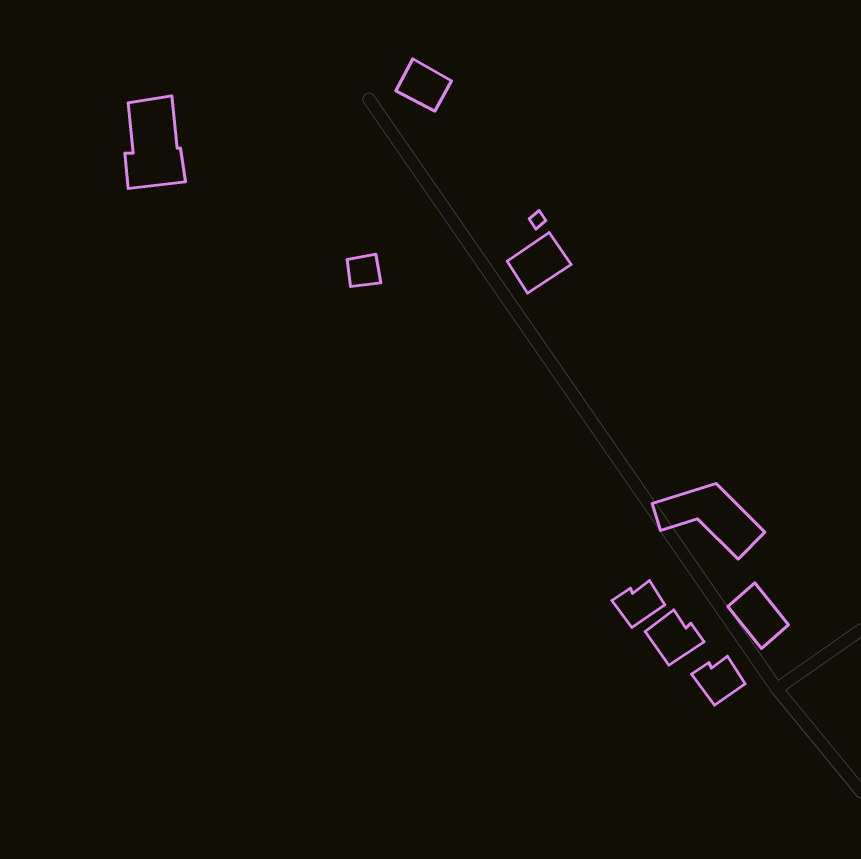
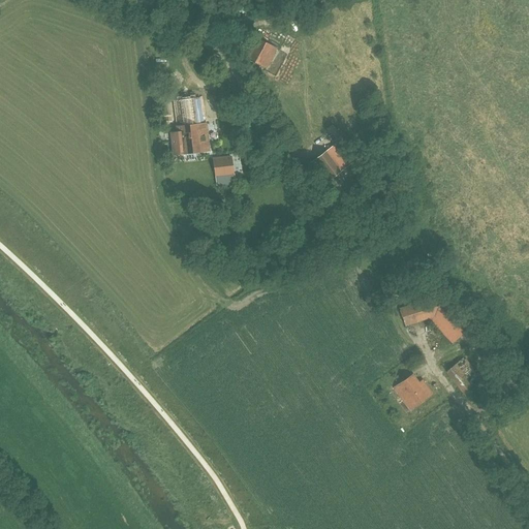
building: [125,96,185,189] -> [172,98,209,155]
building: [612,581,665,628] -> none
building: [692,656,745,705] -> none

